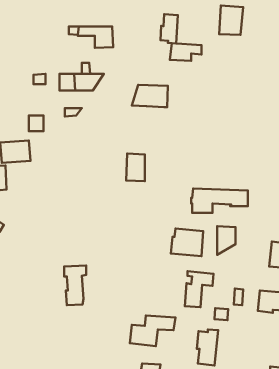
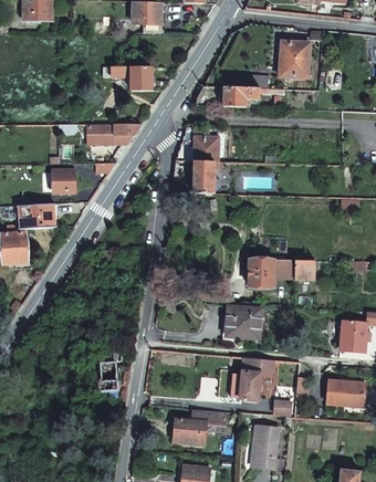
building: [160,14,178,44] -> none
building: [126,154,145,181] -> [192,160,215,193]
building: [217,226,236,255] -> none

